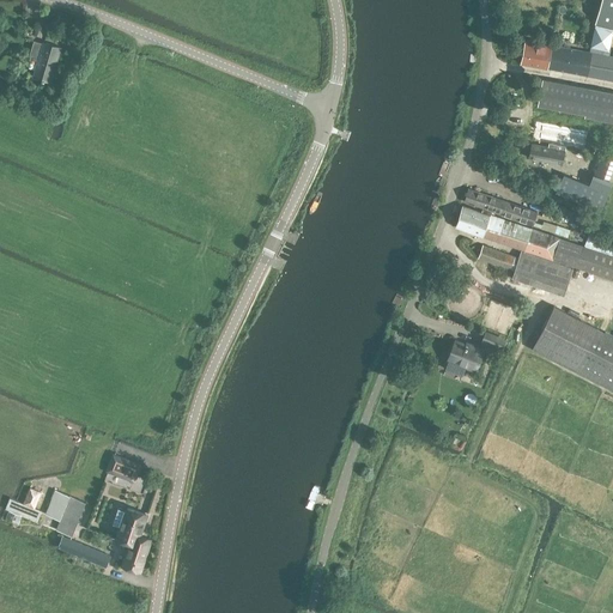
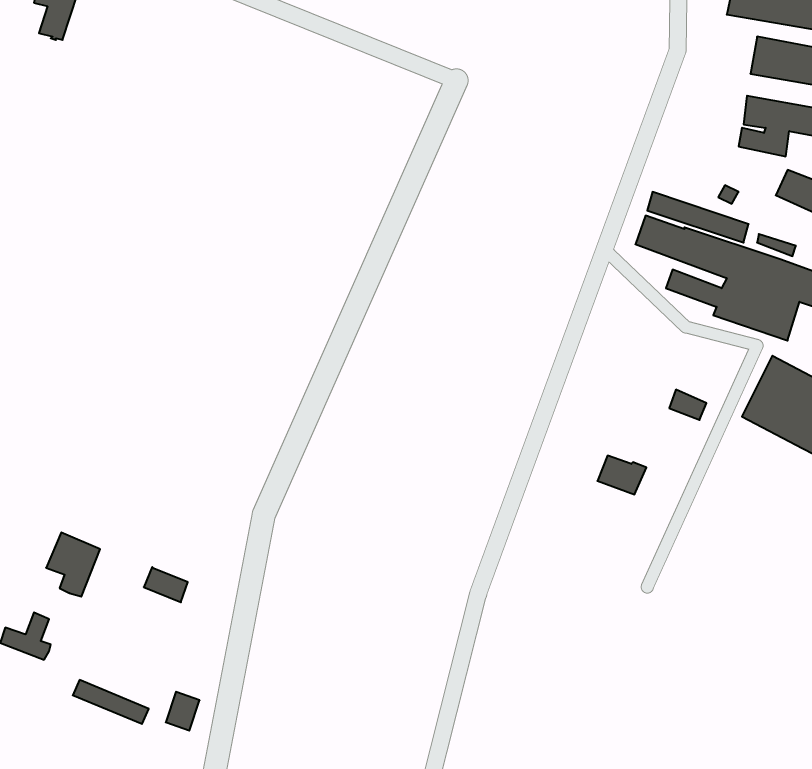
building: [448,342,482,370] -> [597,456,646,494]
building: [47,491,85,536] -> [46,532,100,597]
building: [113,509,151,550] -> none

